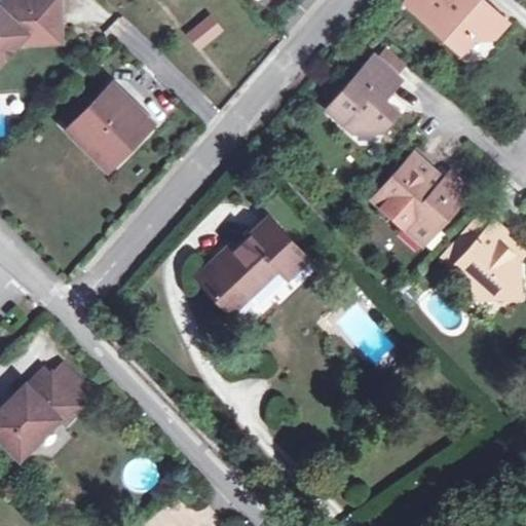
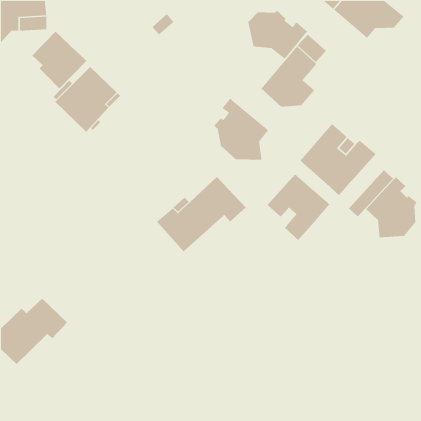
building: none -> [248,10,309,60]
building: none -> [32,31,87,89]
building: none -> [214,97,269,161]
building: none -> [266,173,331,241]

